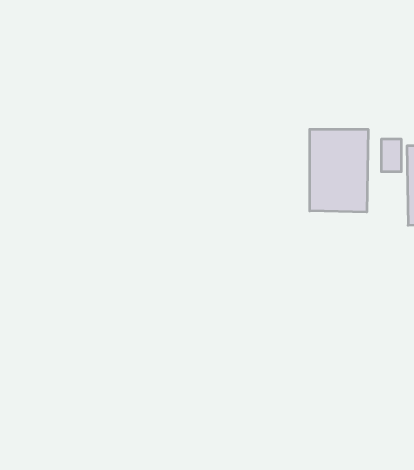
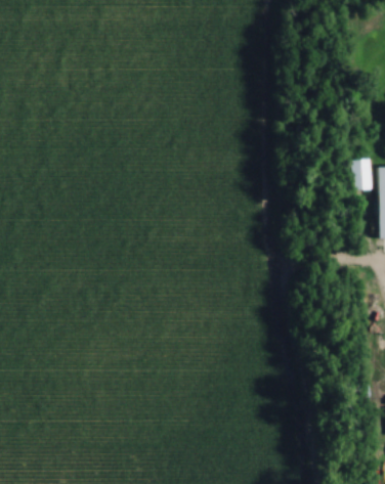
building: [310,129,368,212] -> none

